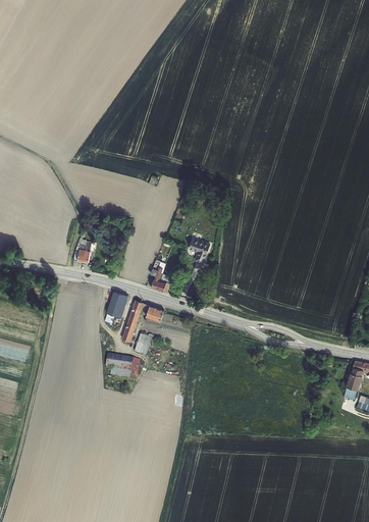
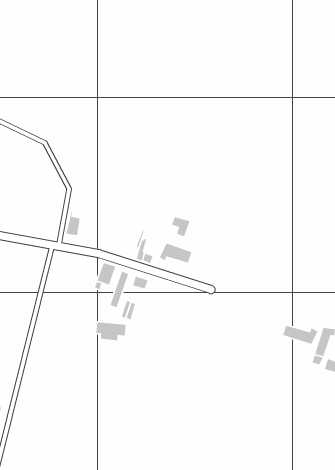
building: none -> [159,243,193,264]
building: none -> [282,325,318,345]

